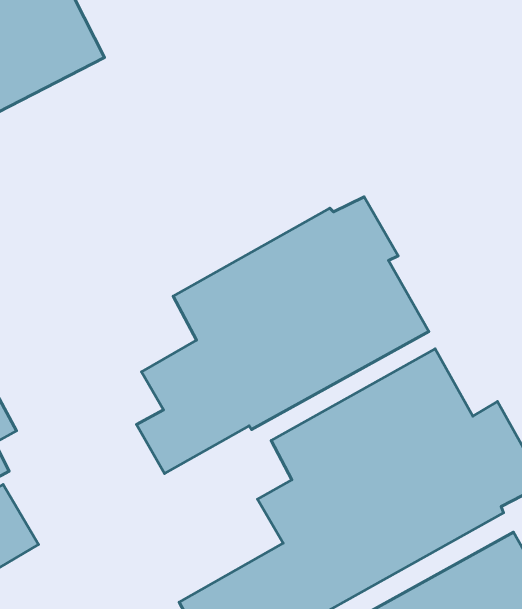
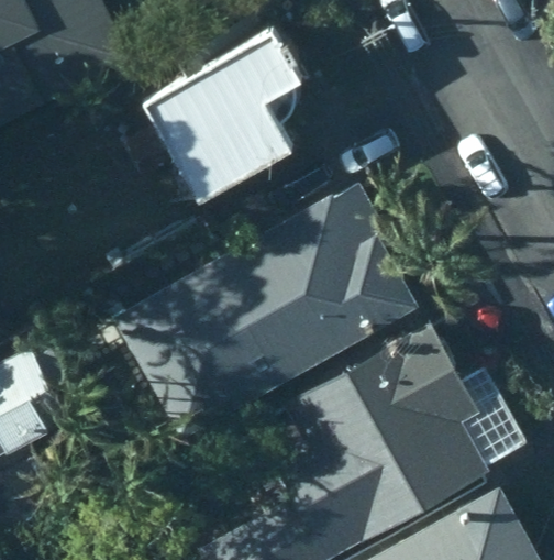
building: none -> [118,25,296,201]

